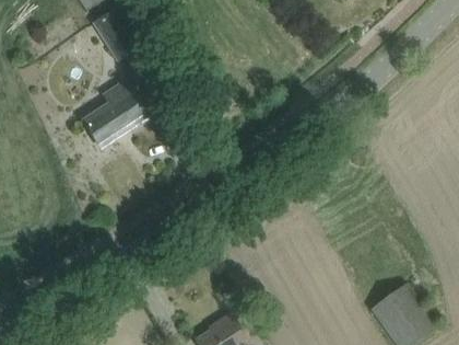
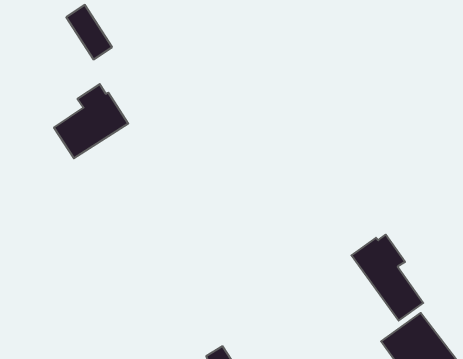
building: none -> [351,235,423,321]

